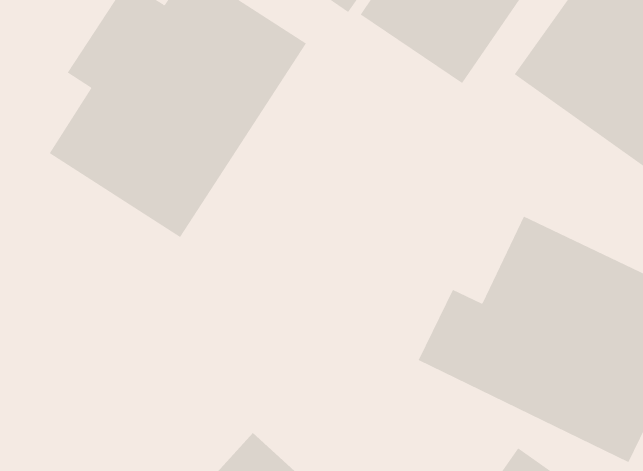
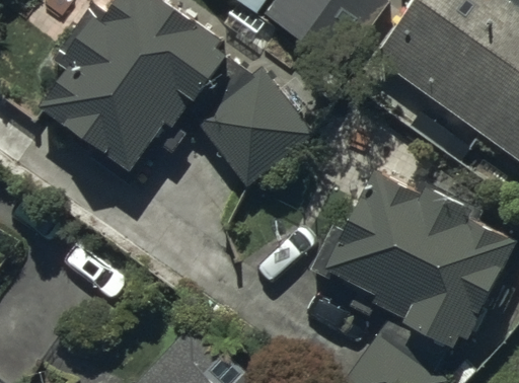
building: none -> [196,64,319,188]

